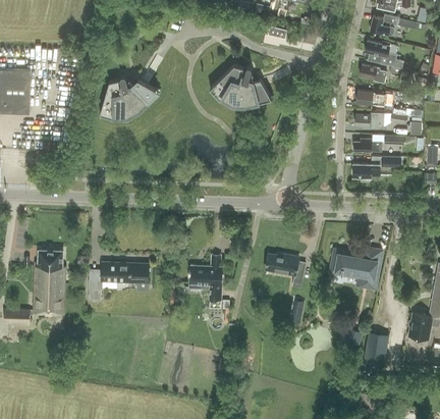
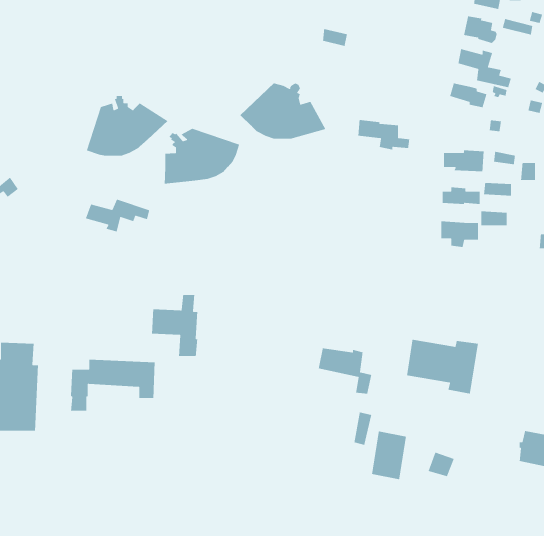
building: [356,90,394,112] -> [357,119,410,150]
building: none -> [164,128,240,184]
building: none -> [85,198,150,233]
building: [189,255,223,300] -> [151,294,198,357]
building: [364,330,389,366] -> [371,430,407,480]

